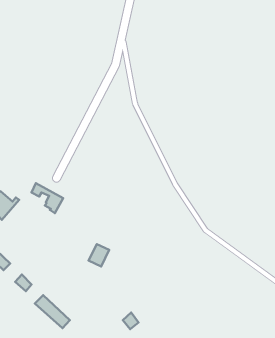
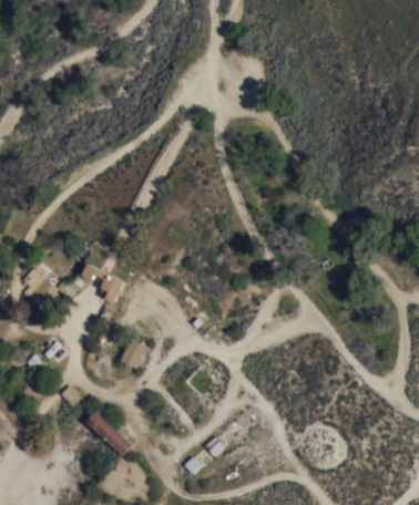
building: [89,244,109,266] -> [119,338,146,368]

